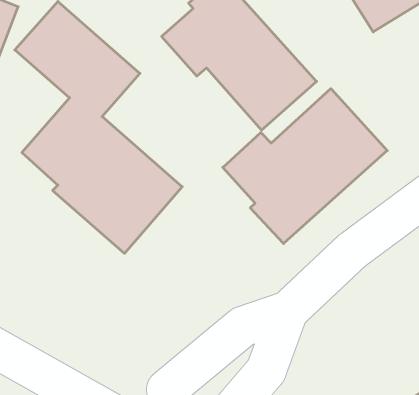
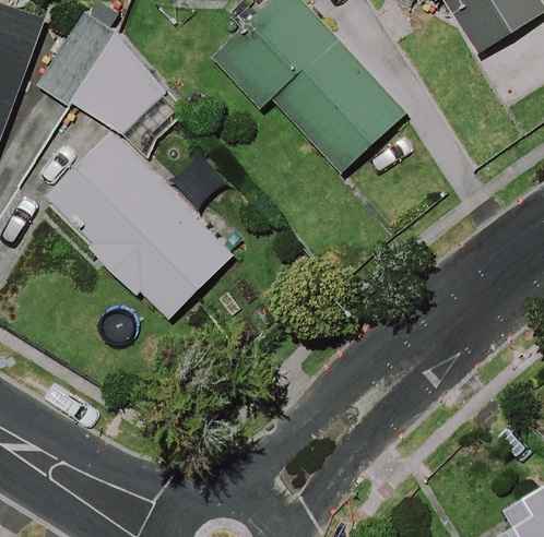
building: [223,89,387,244] -> none

